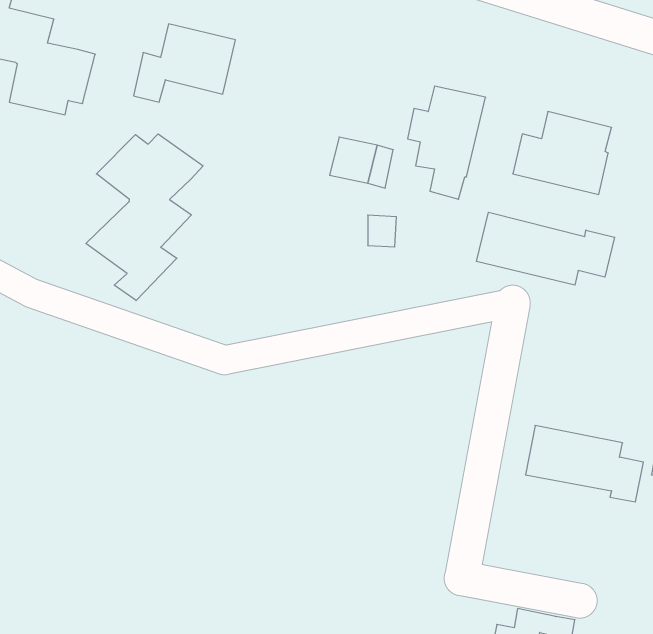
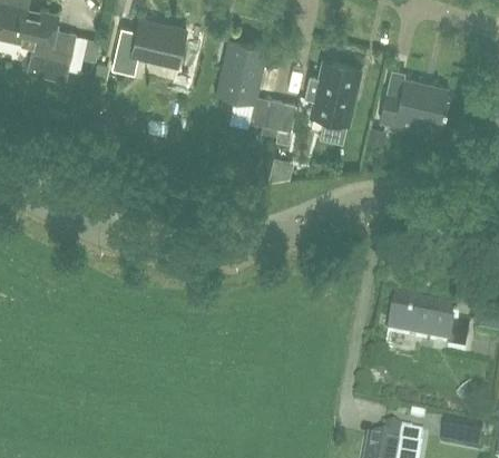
building: none -> [216,39,266,104]
building: [86,134,203,301] -> none
building: [476,212,615,285] -> none

